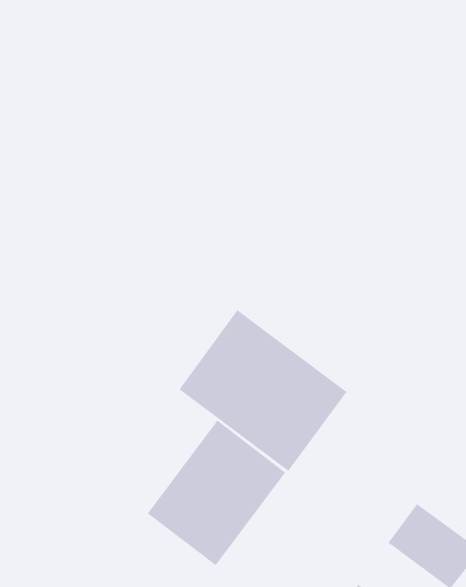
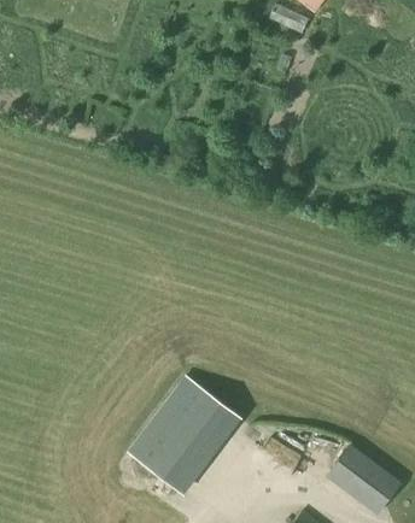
building: [178,309,347,472] -> none

